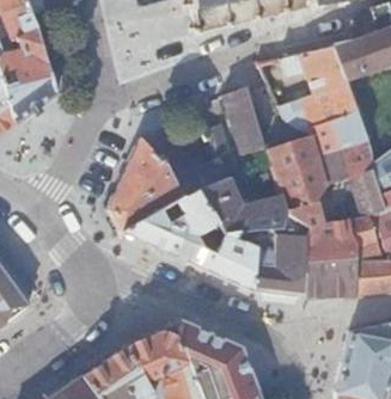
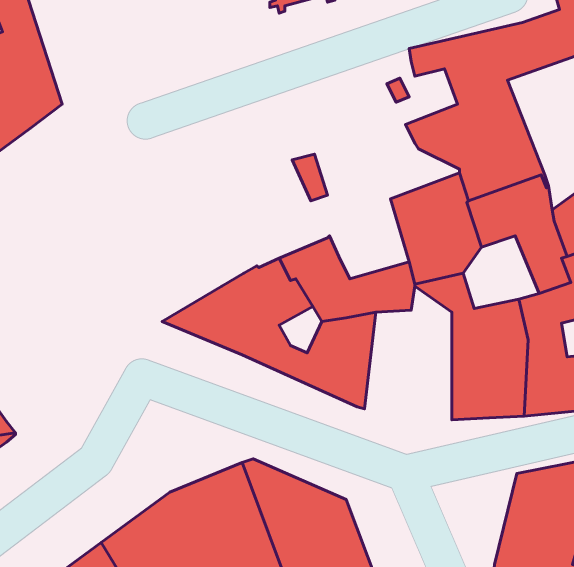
building: [224,87,267,154] -> none
building: [109,137,228,233] -> none
building: [252,210,308,296] -> none

